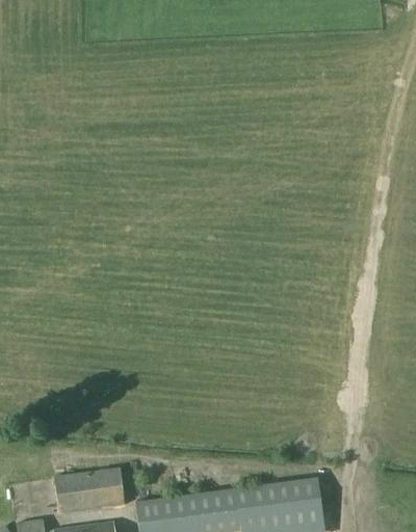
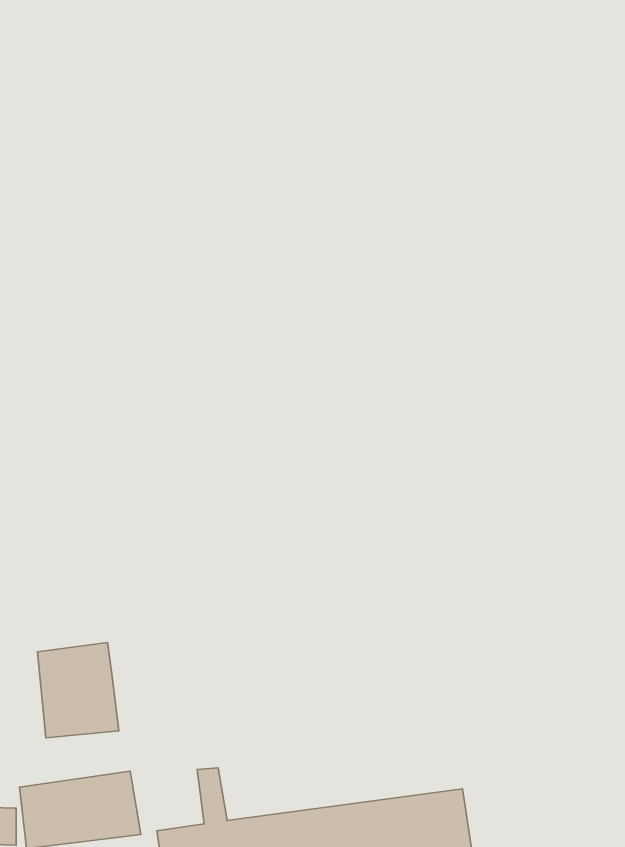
building: none -> [37,642,119,738]

